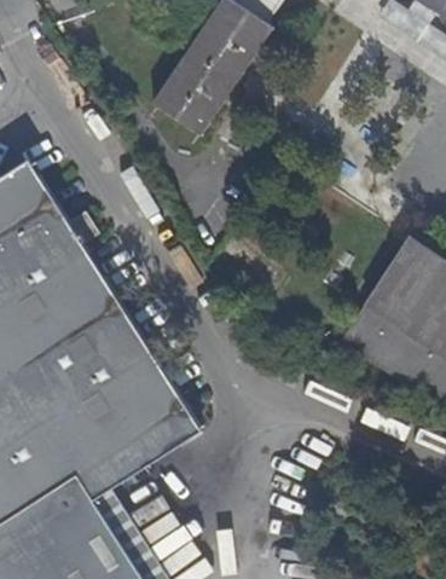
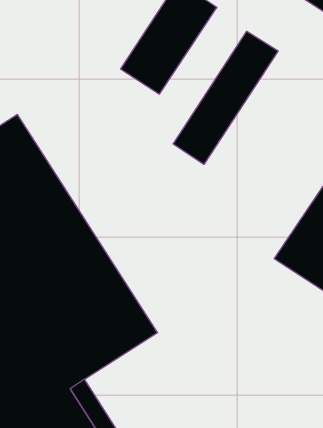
building: none -> [173,31,278,164]

